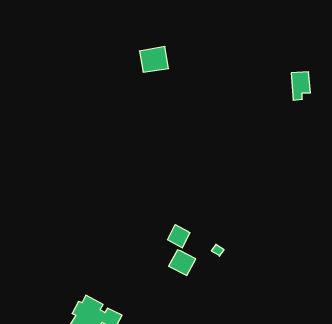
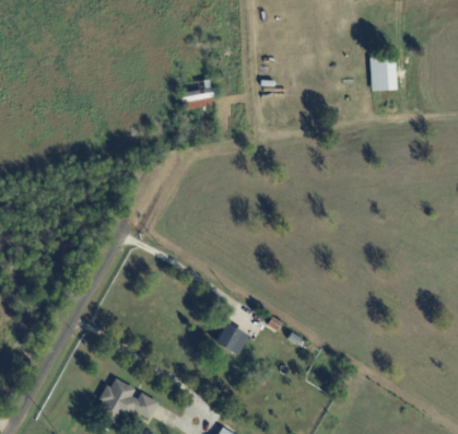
building: [291,72,310,100] -> [371,57,394,91]
building: [168,225,190,248] -> none

